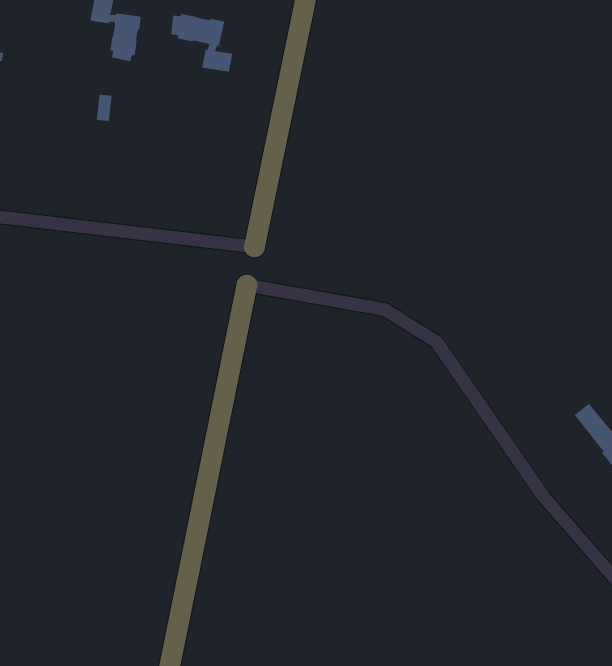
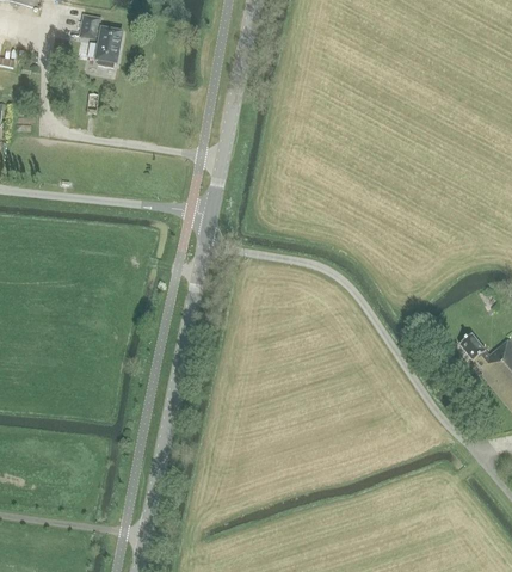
building: [171,13,233,73] -> none

